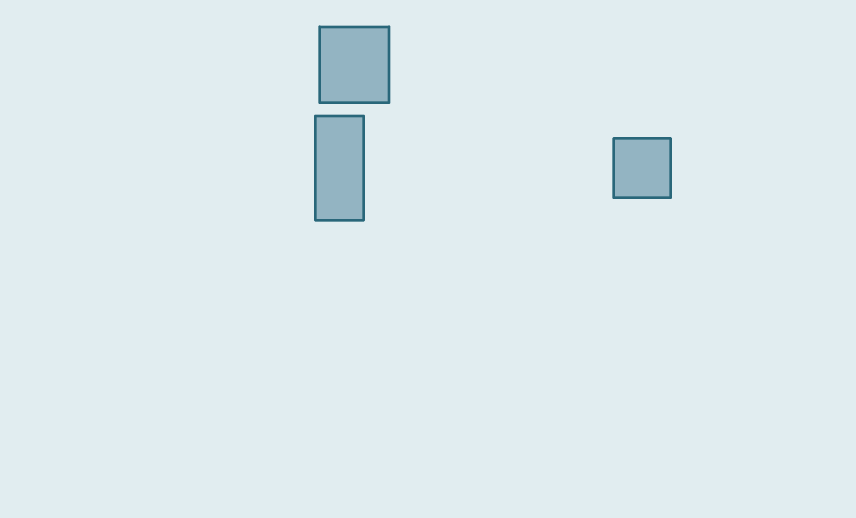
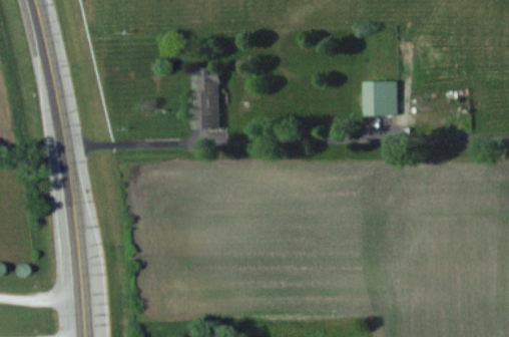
building: [320,27,389,103] -> none

